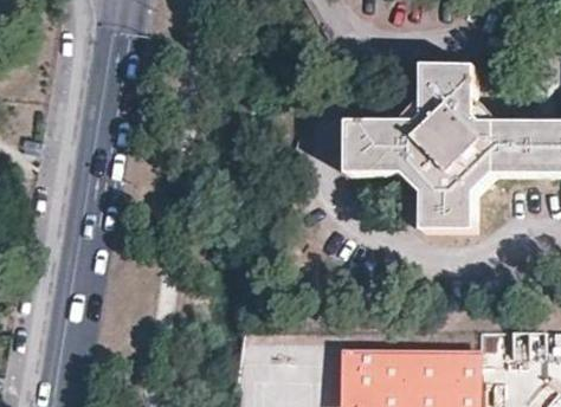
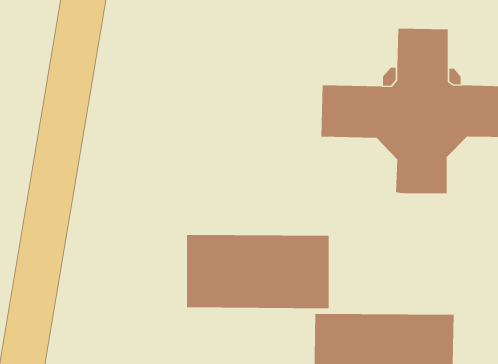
building: none -> [187,234,329,309]

